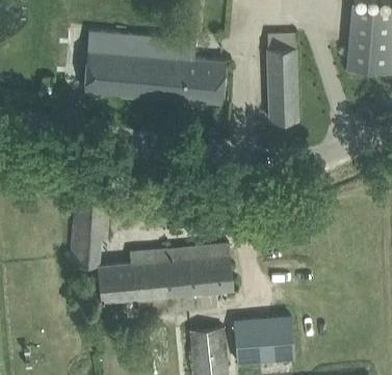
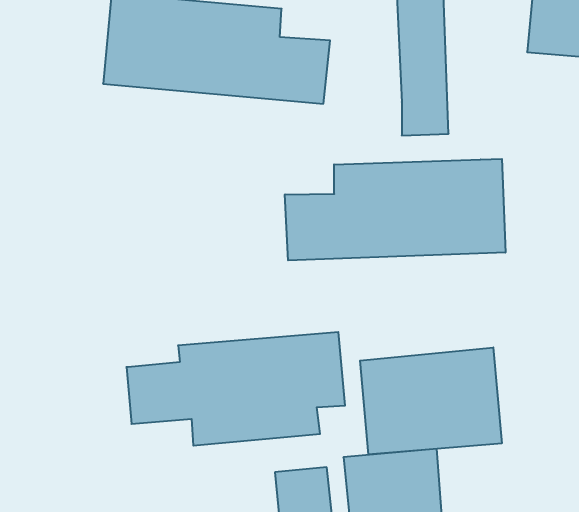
building: none -> [285,159,505,260]
building: [70,191,110,266] -> none
building: none -> [360,347,502,455]

